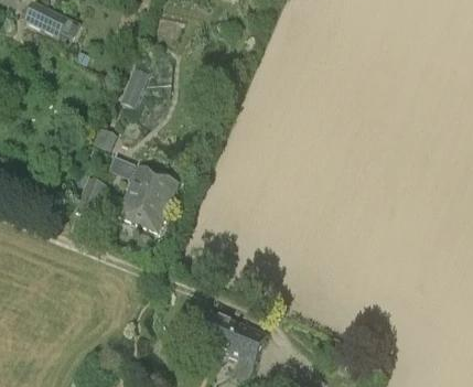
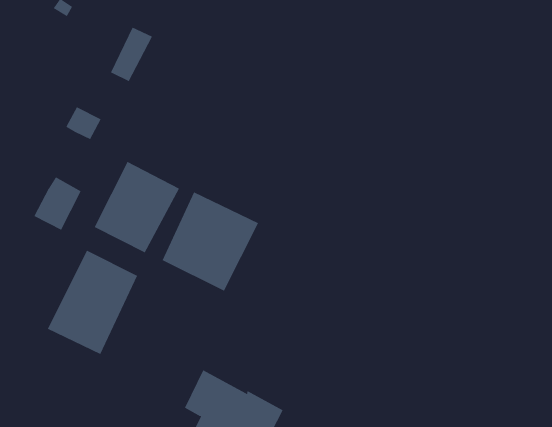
building: none -> [162,191,259,292]
building: none -> [47,250,138,355]

